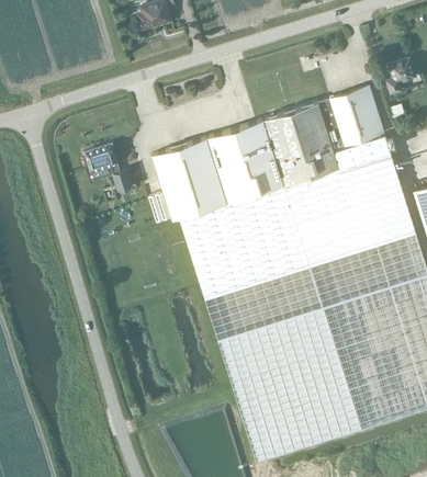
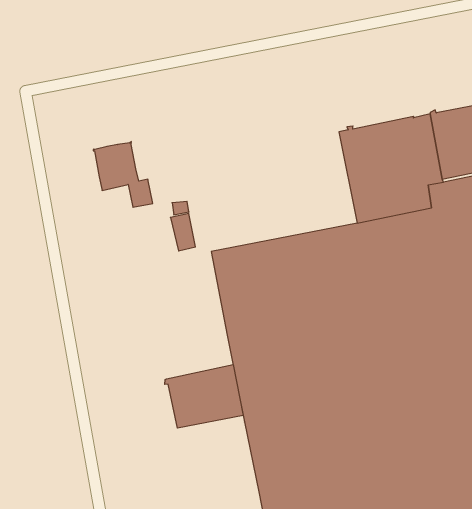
building: [153,122,285,223] -> none
building: none -> [165,365,243,428]

